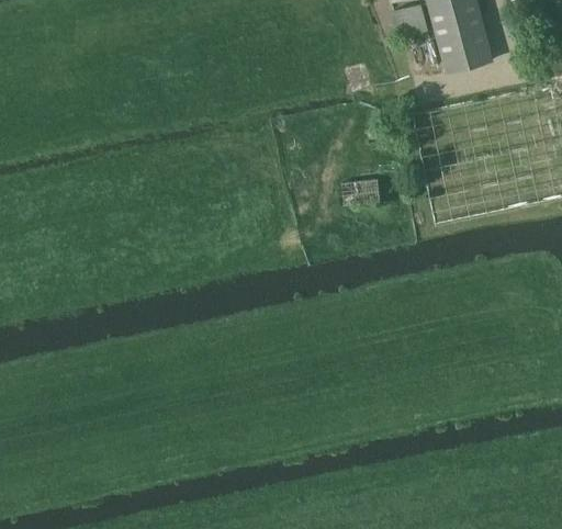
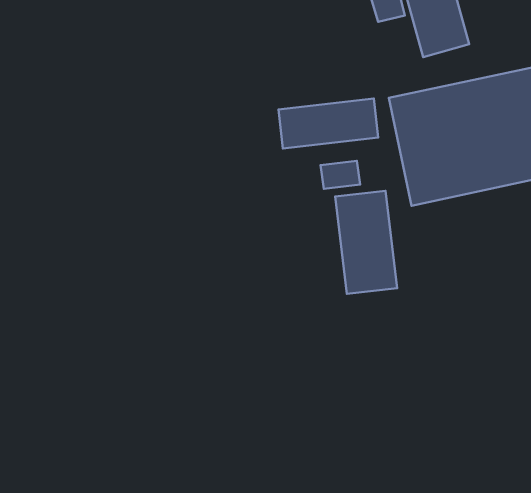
building: none -> [278,98,378,149]
building: none -> [335,191,397,294]

